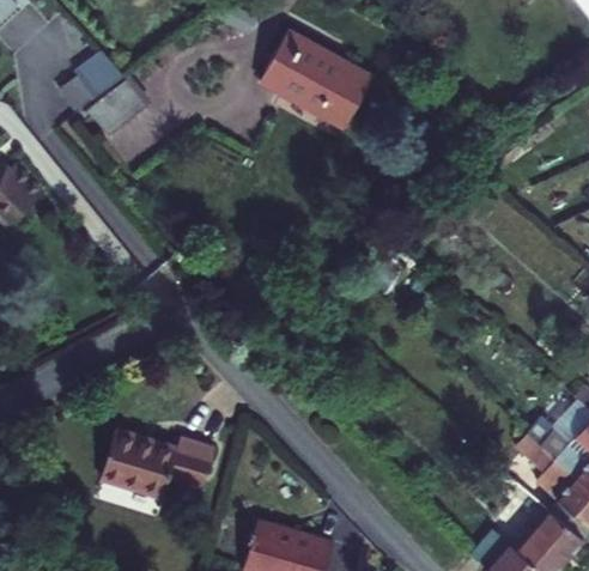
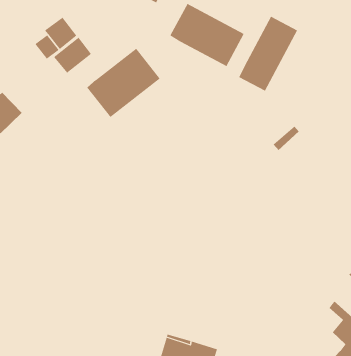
building: none -> [238,16,298,91]
building: none -> [86,48,160,118]
building: [101,431,214,498] -> none

